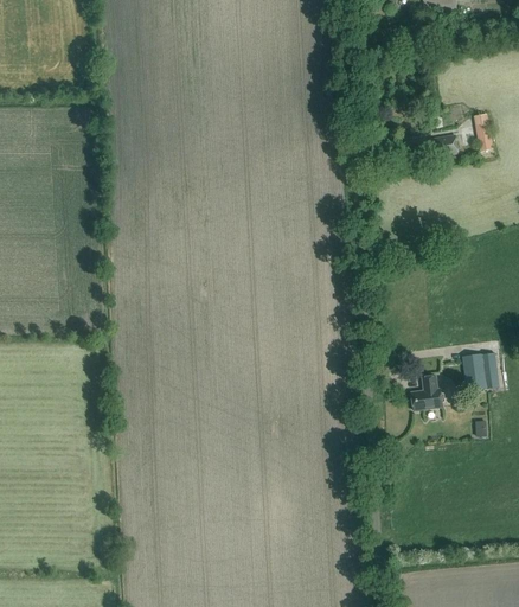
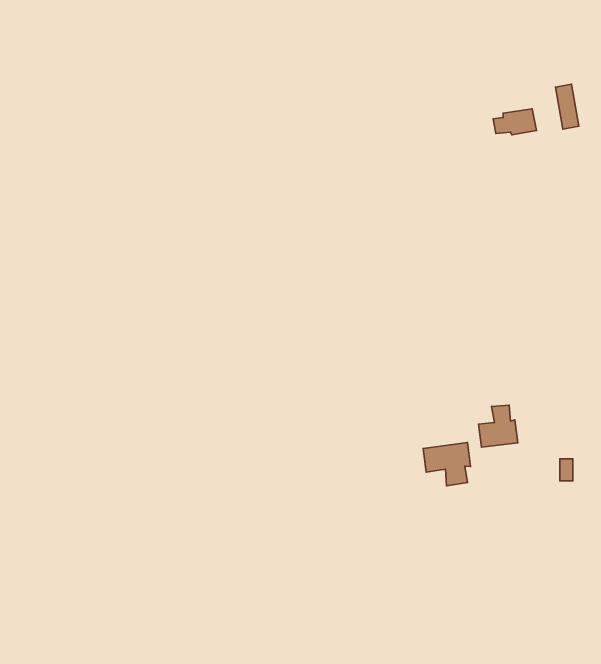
building: [462,351,500,390] -> none
building: none -> [423,443,470,486]

